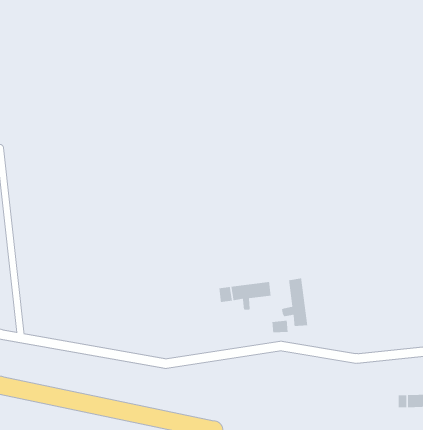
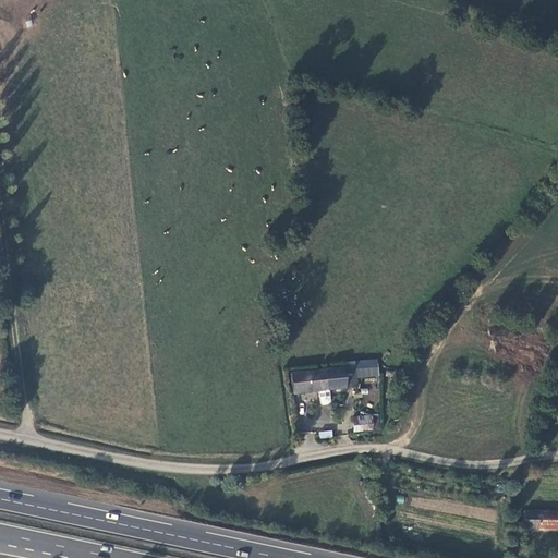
building: [281,278,308,327] -> none

